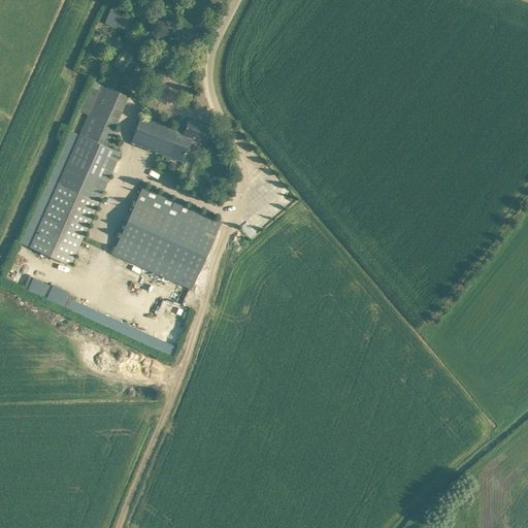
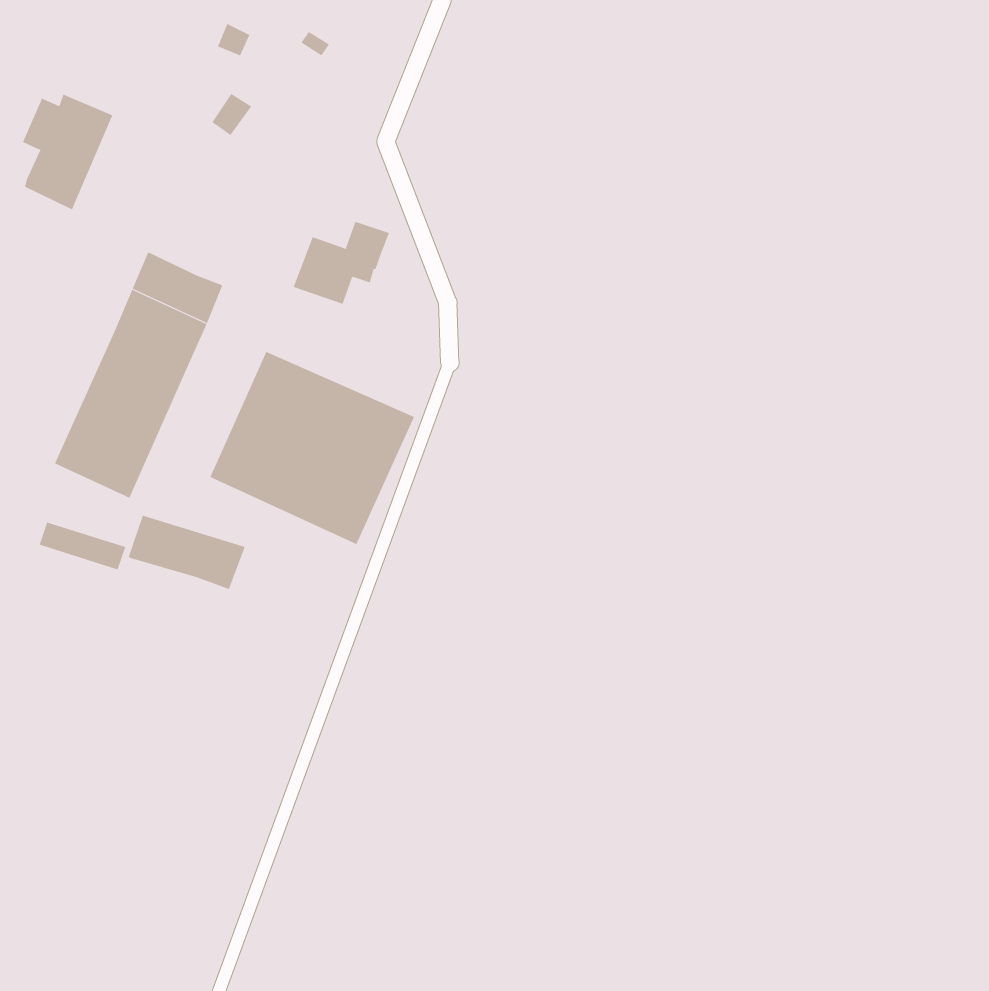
building: [78,85,127,146] -> [22,94,113,210]
building: [130,117,166,153] -> none
building: none -> [128,515,245,590]

